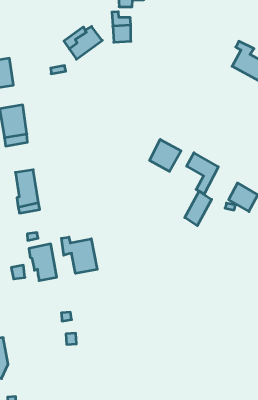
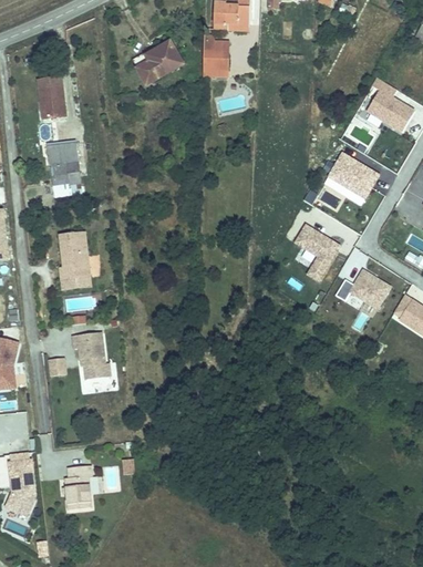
building: none -> [324,151,375,196]
building: [150,139,181,171] -> none
building: [185,191,212,226] -> none
building: [61,237,97,273] -> none
building: none -> [69,467,95,512]

